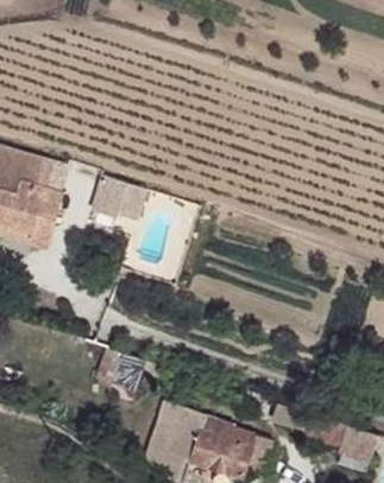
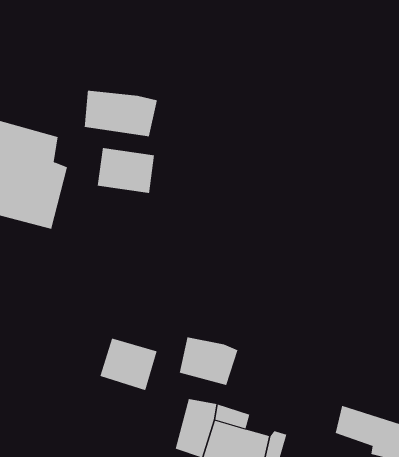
building: none -> [84,90,158,137]
building: none -> [179,337,238,386]

